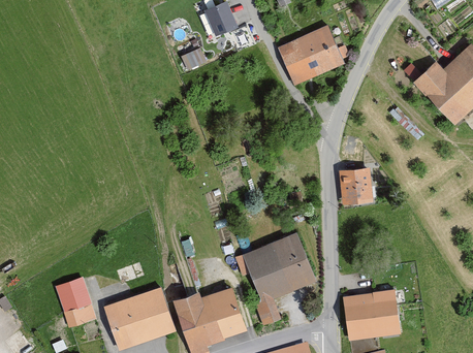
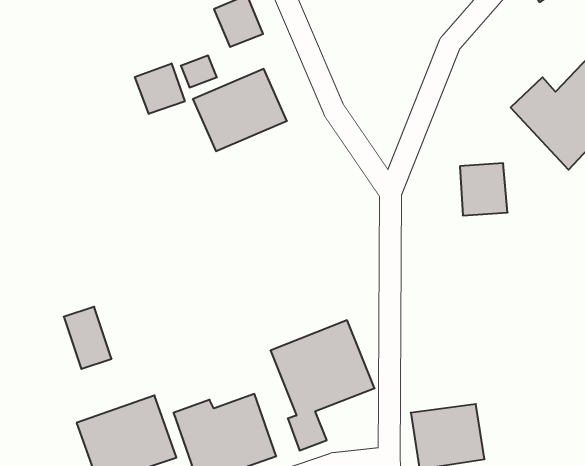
building: [279,24,346,83] -> [193,69,287,151]
building: none -> [135,63,185,114]
building: [340,167,374,204] -> [460,163,508,215]
building: [57,280,91,324] -> [64,307,112,369]

